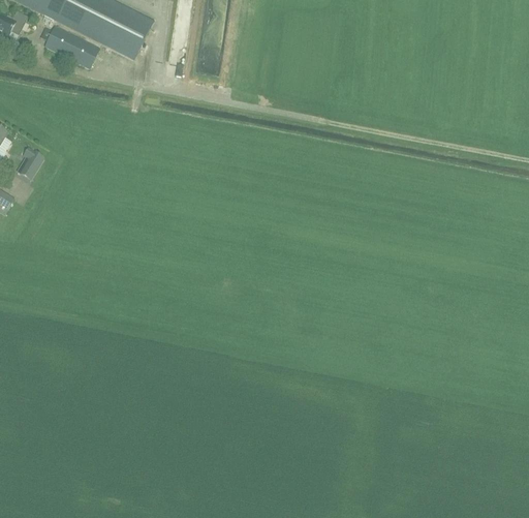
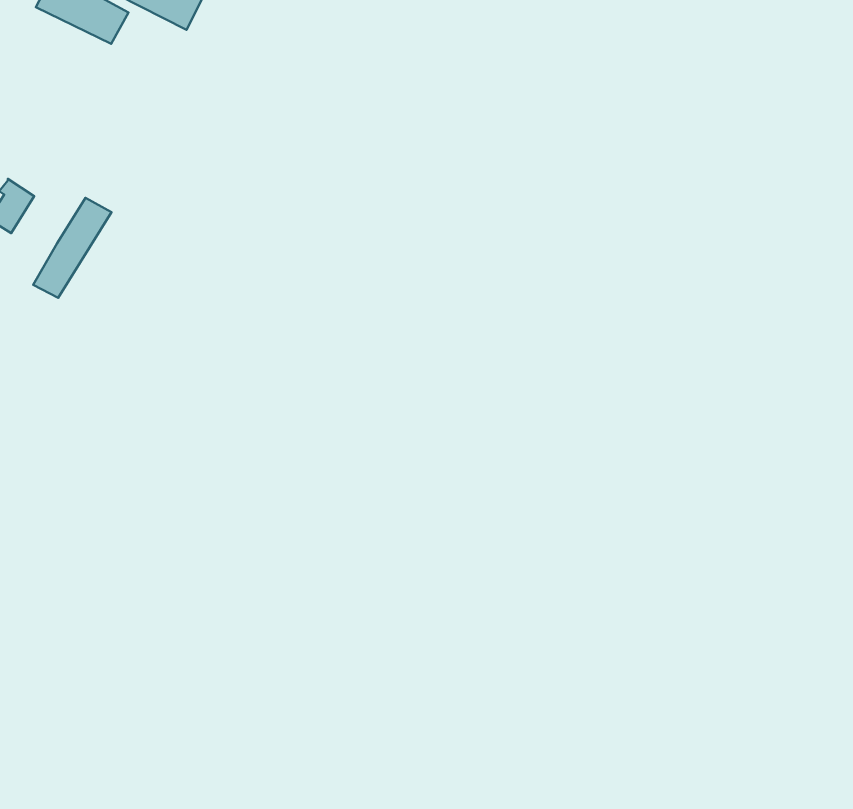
building: none -> [33,198,111,298]

